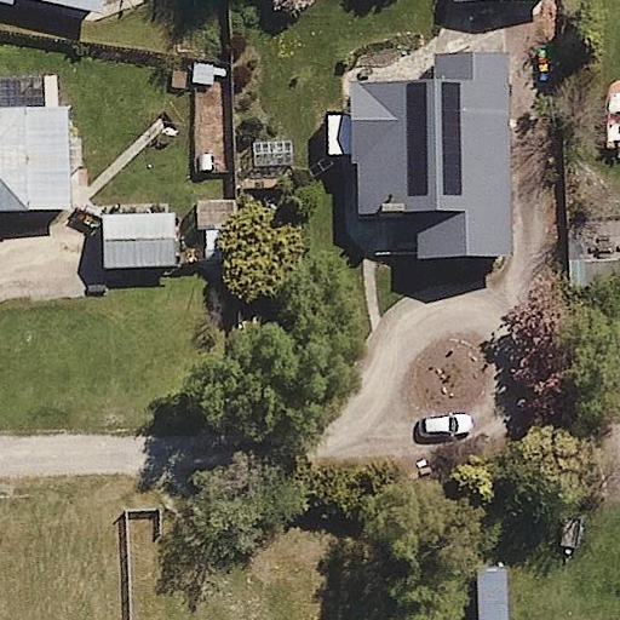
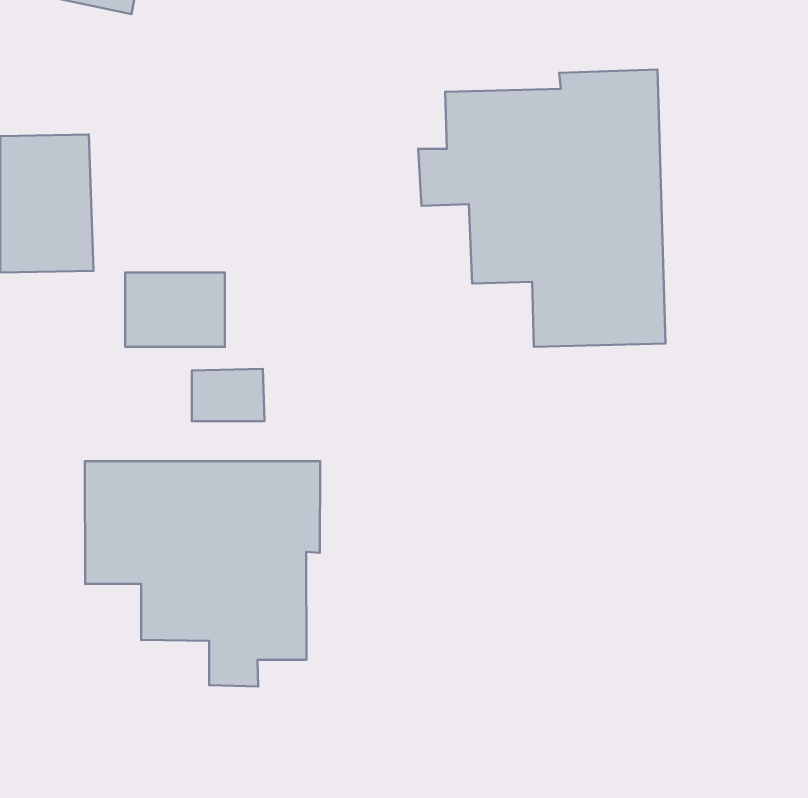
building: none -> [85,461,320,687]

